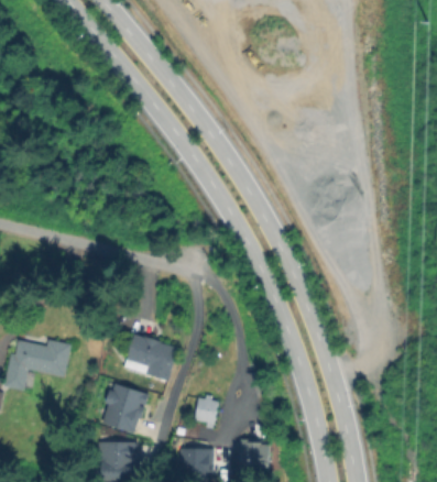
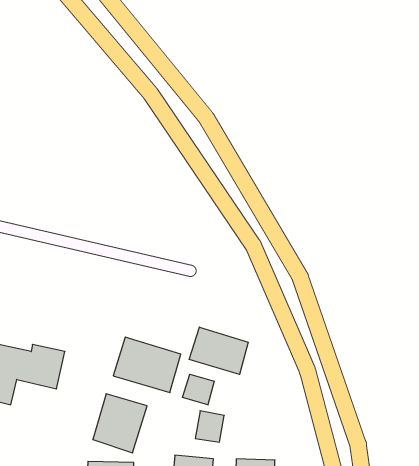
building: none -> [189,327,248,374]
building: none -> [182,374,214,405]

